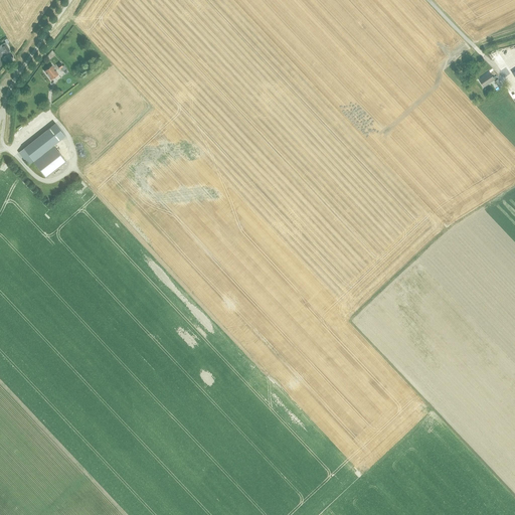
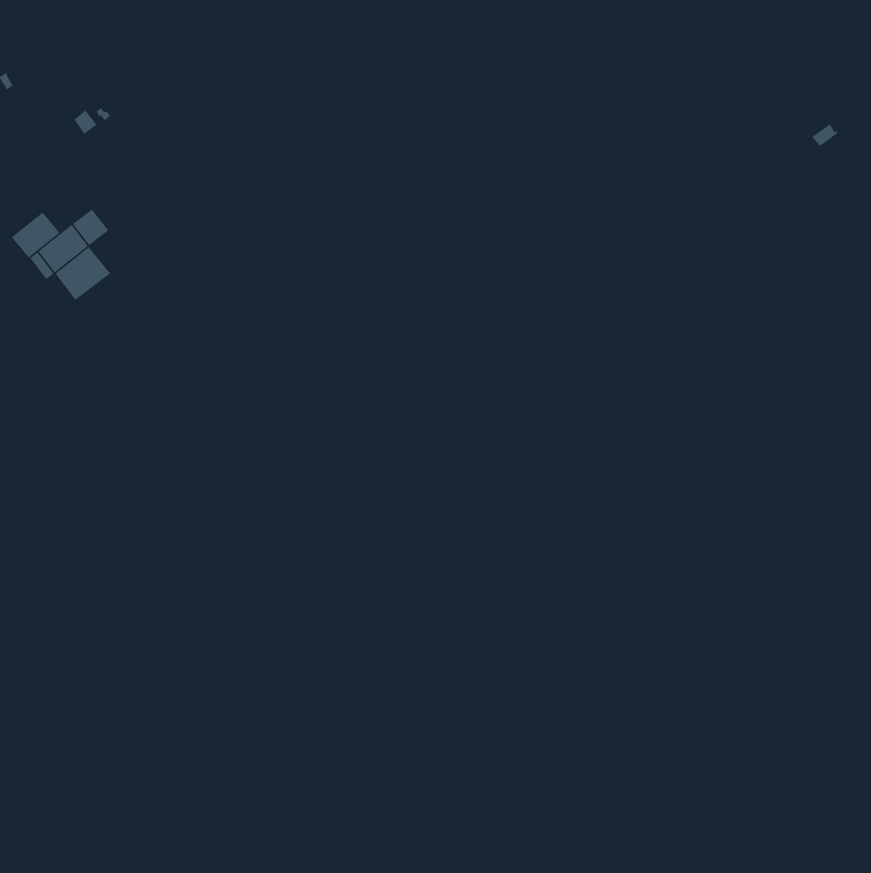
building: none -> [11,212,60,258]

